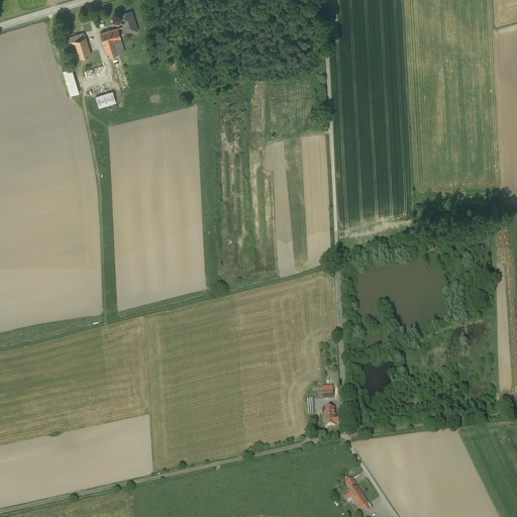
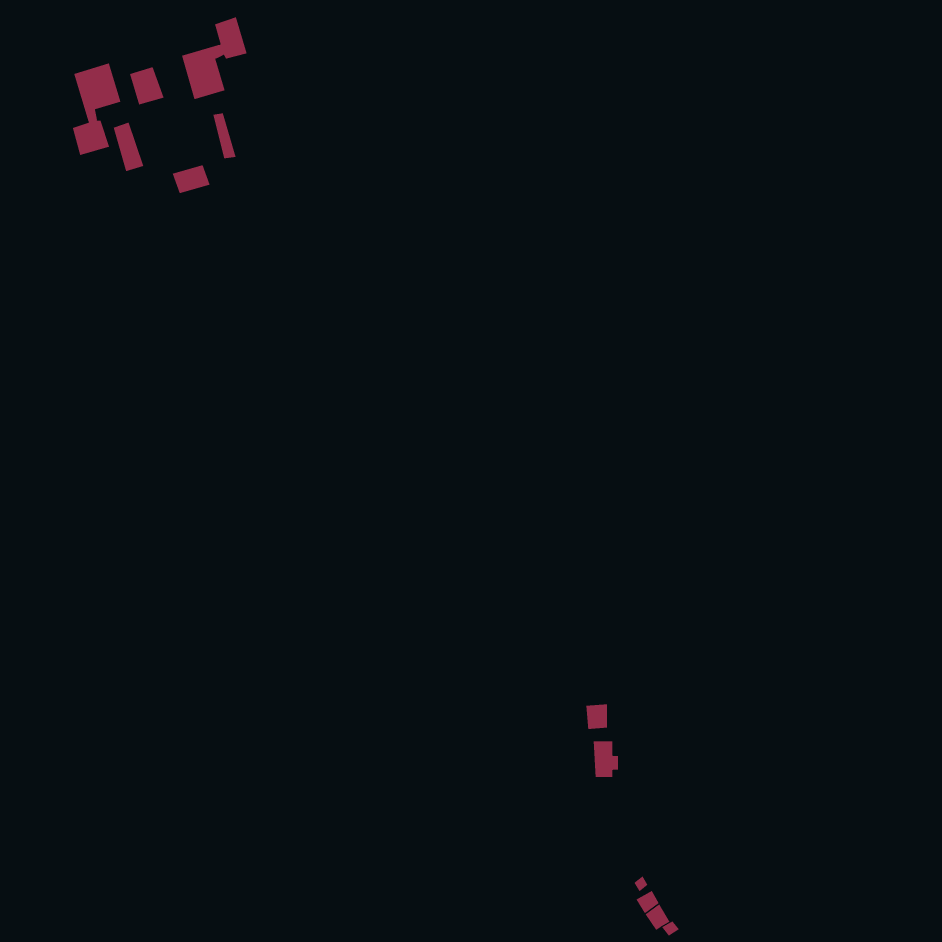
building: none -> [72,62,121,156]

